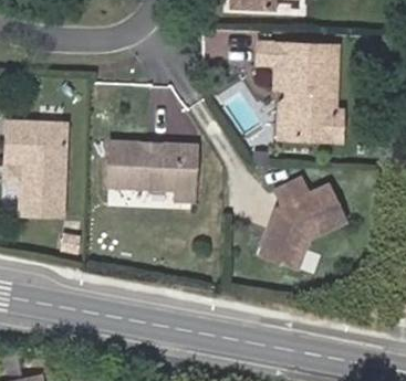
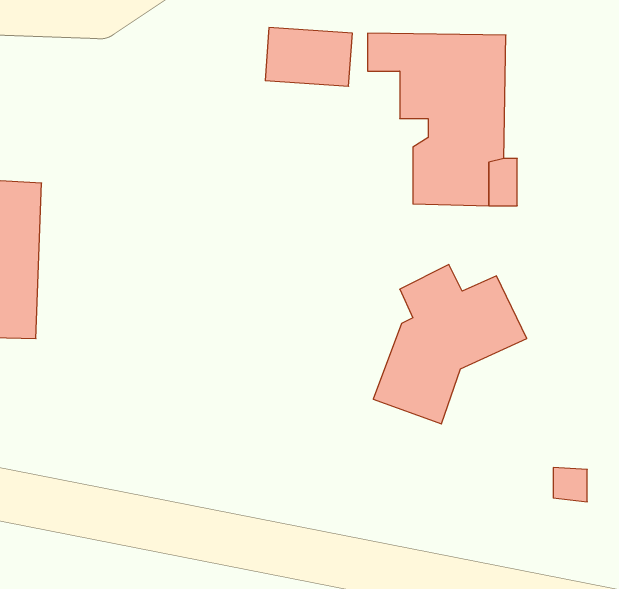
building: [112,139,199,197] -> none

